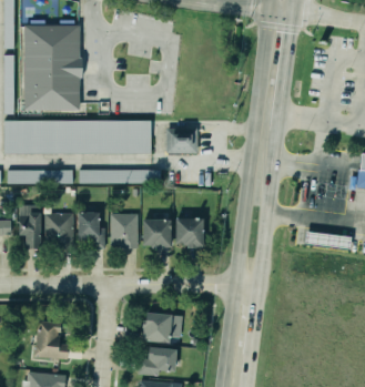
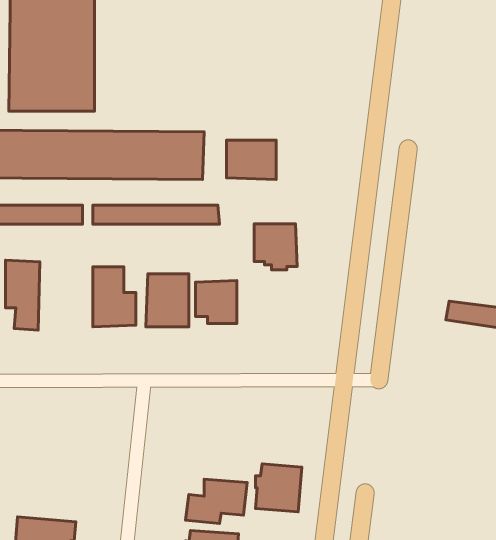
building: [45,214,74,248] -> none
building: [176,218,204,248] -> [254,224,297,270]
building: [142,312,172,343] -> [255,464,302,512]
building: [28,320,69,360] -> none

